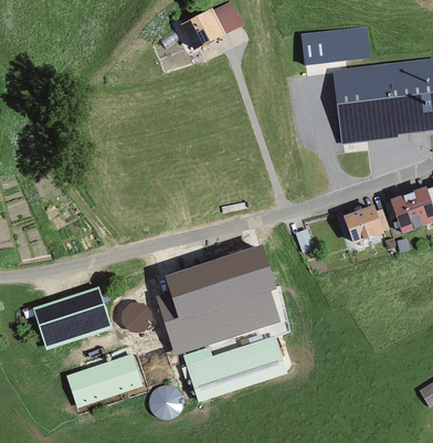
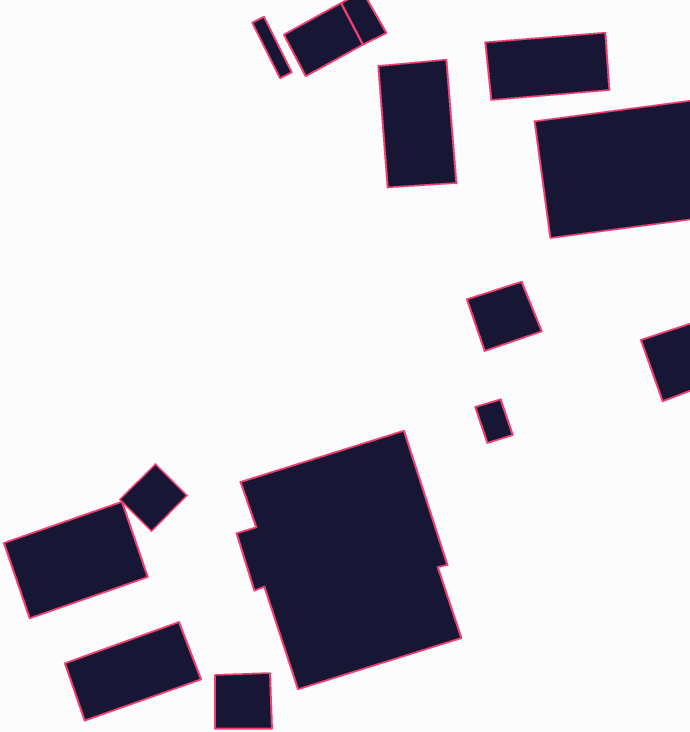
building: none -> [379,60,456,188]
building: [341,203,383,242] -> [467,282,542,351]
building: [119,295,157,333] -> [120,464,187,531]

